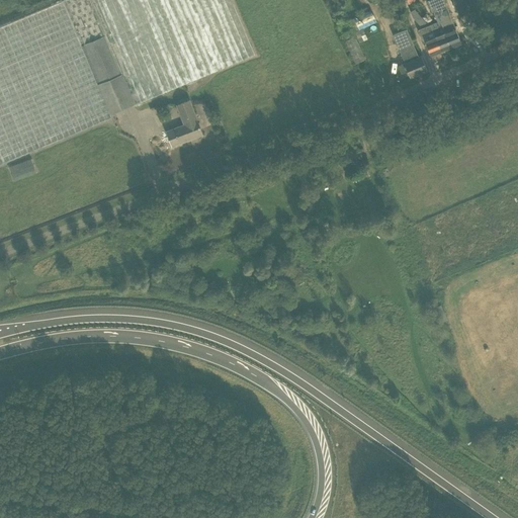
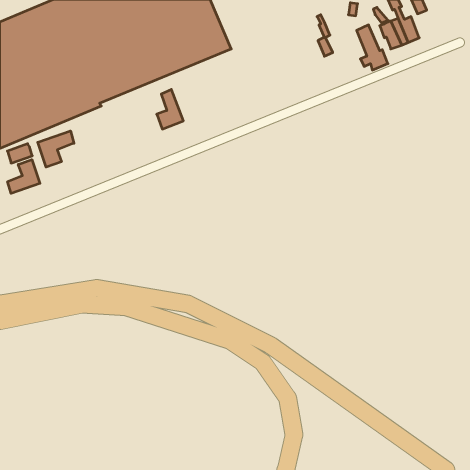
building: none -> [38,131,74,167]
building: none -> [8,160,40,193]

